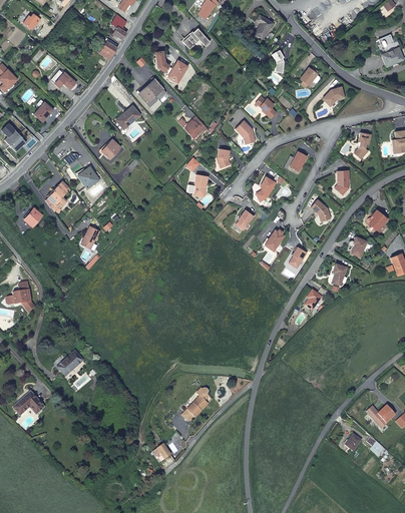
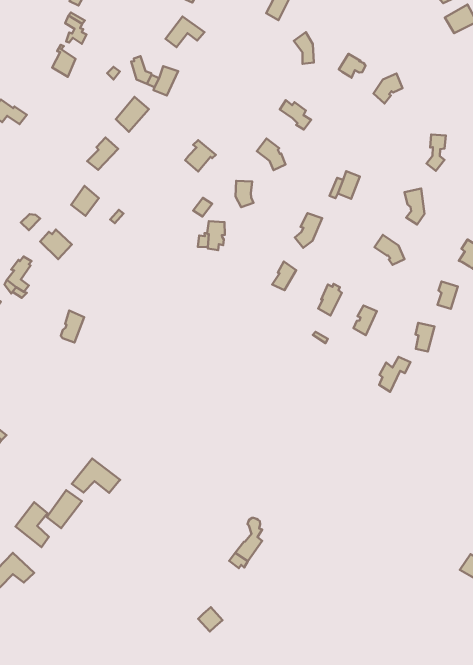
building: none -> [72,458,120,493]
building: none -> [15,502,49,547]

